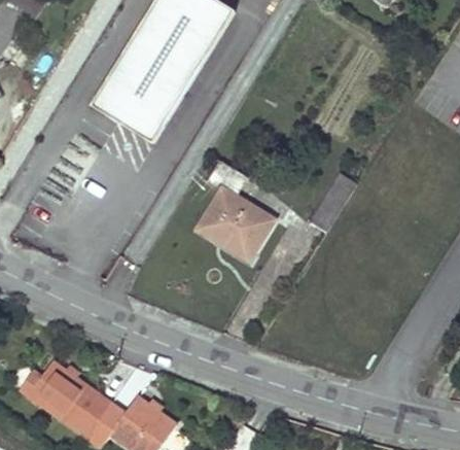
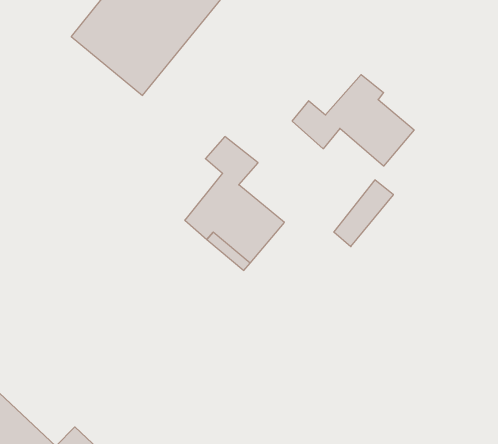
building: none -> [292,75,414,166]

